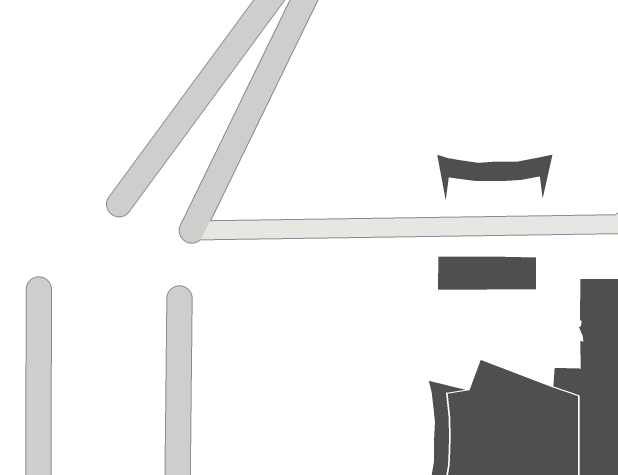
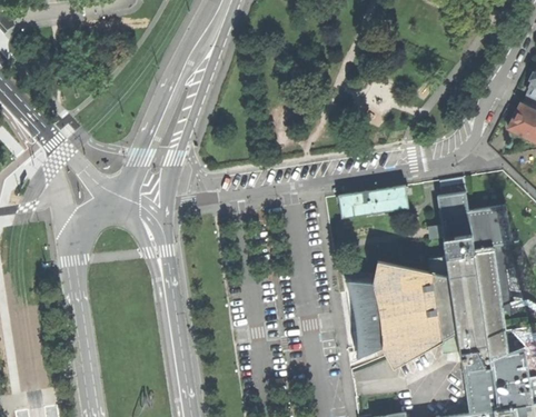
building: [436,154,553,204] -> none

